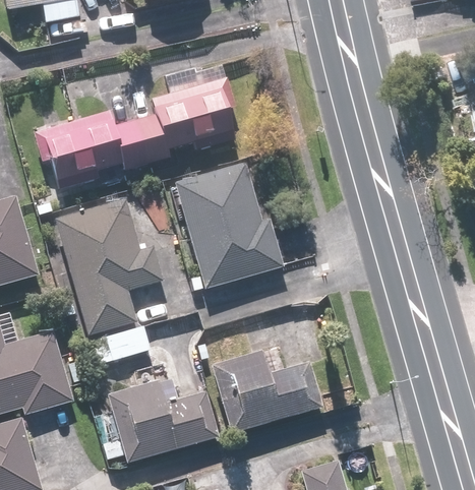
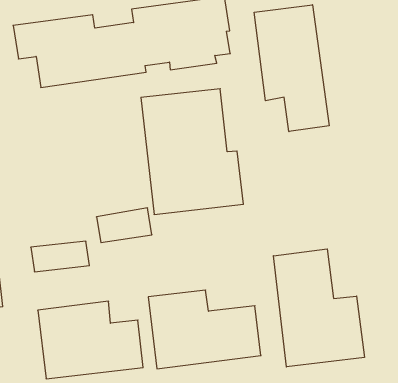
building: none -> [254,5,329,132]
building: [55,198,162,331] -> none
building: none -> [273,249,364,367]

